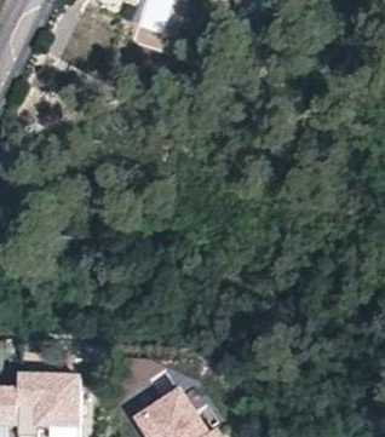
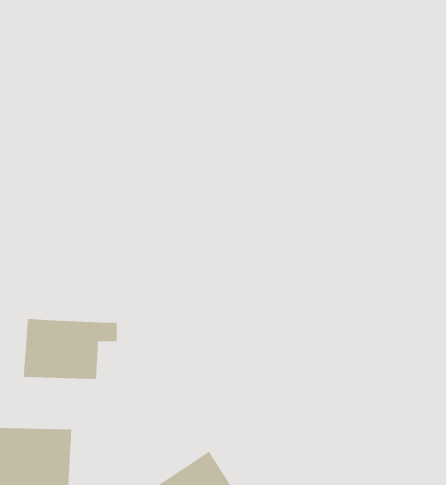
building: none -> [23,318,117,380]

